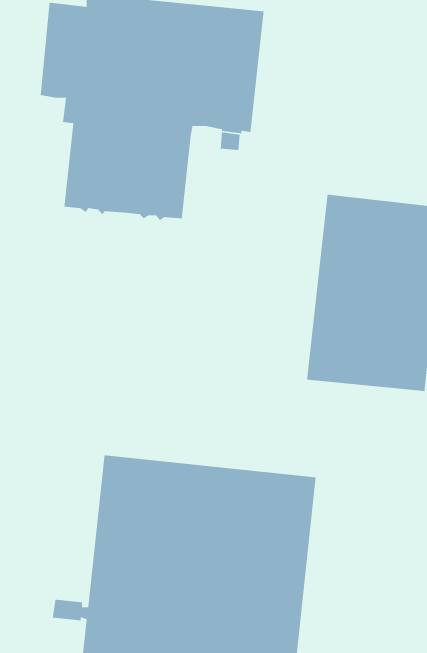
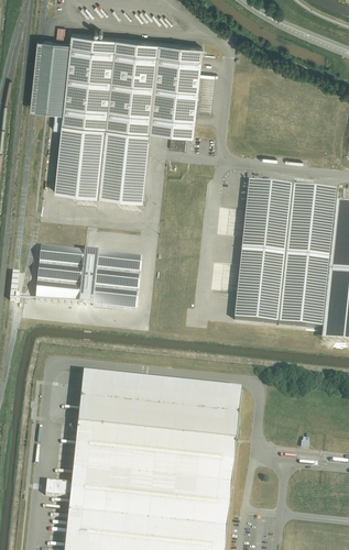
building: none -> [35,248,141,310]

